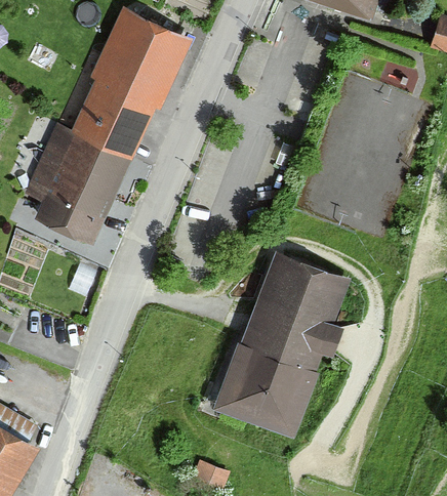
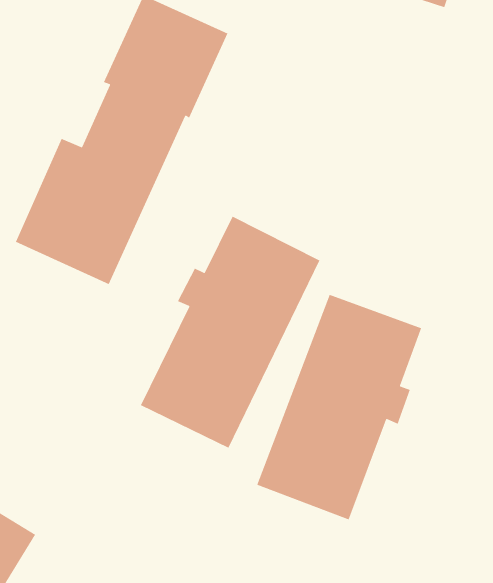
building: none -> [140,216,320,449]

